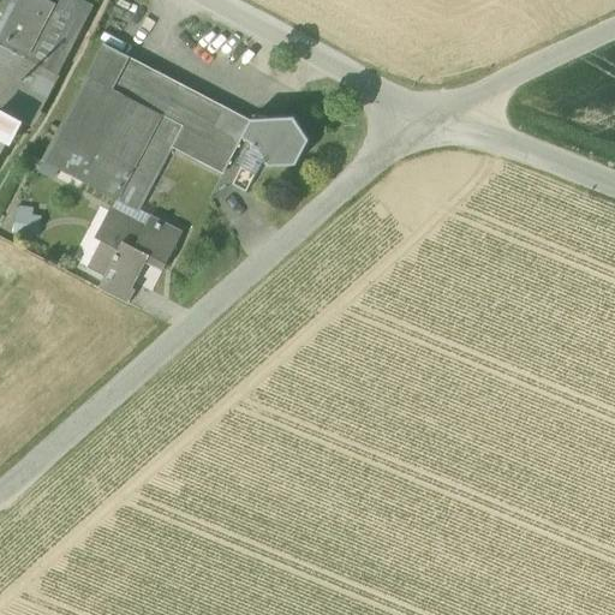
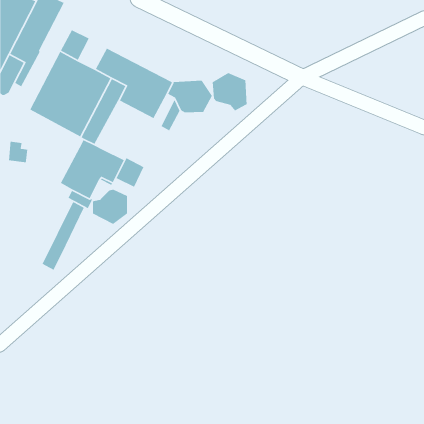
building: [113,55,154,100] -> none
building: none -> [212,72,247,111]
building: none -> [115,157,145,188]
building: none -> [91,189,128,225]
building: none -> [41,201,85,271]

